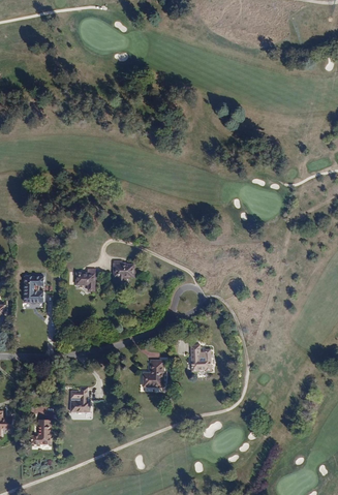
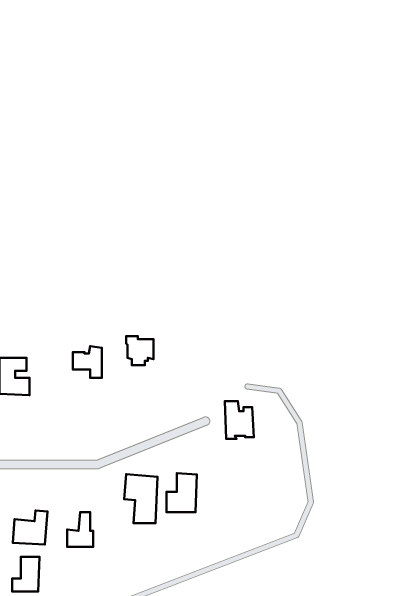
building: [190,345,211,372] -> [225,401,254,439]
building: none -> [124,474,157,523]
building: none -> [13,510,47,544]

